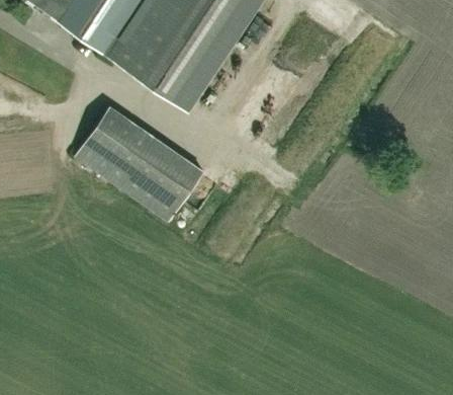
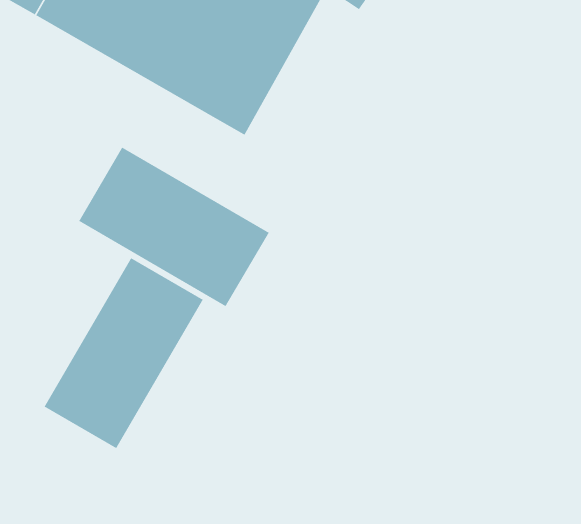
building: none -> [43,257,204,449]

